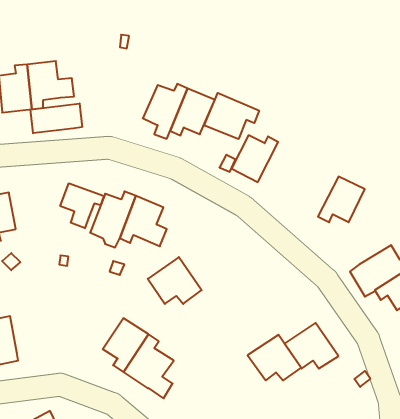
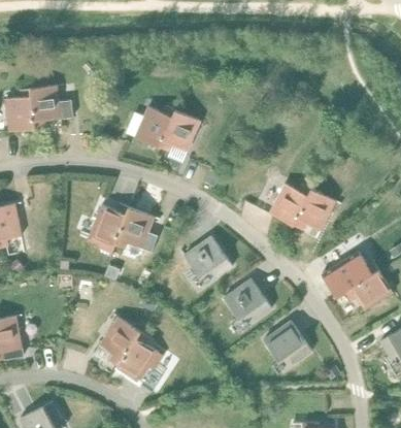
building: [204,93,259,139] -> none
building: [31,103,82,133] -> none
building: [231,135,278,182] -> [269,184,311,226]
building: [60,183,104,228] -> none
building: [148,257,202,304] -> [183,236,232,278]
building: [248,335,301,380] -> [223,279,271,321]

